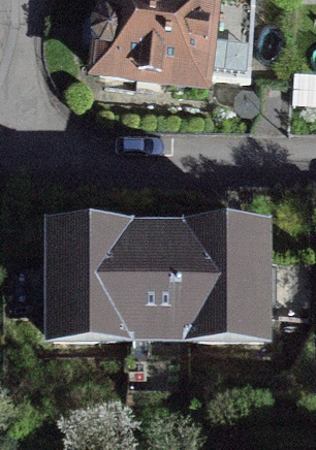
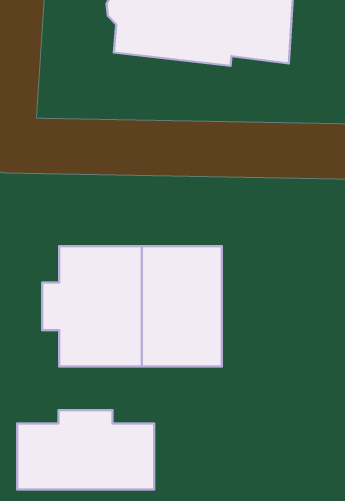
building: [190,232,275,334] -> none
building: none -> [17,410,154,490]

